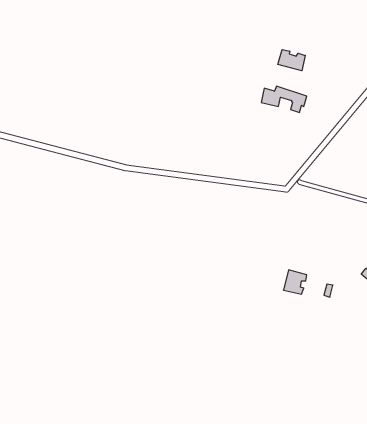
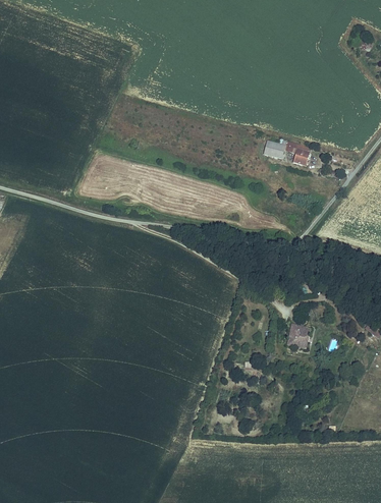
building: [278,50,305,71] -> none

